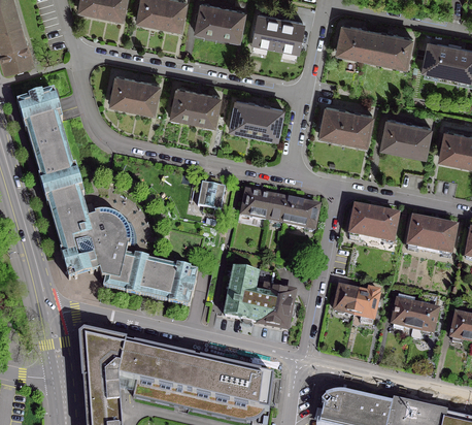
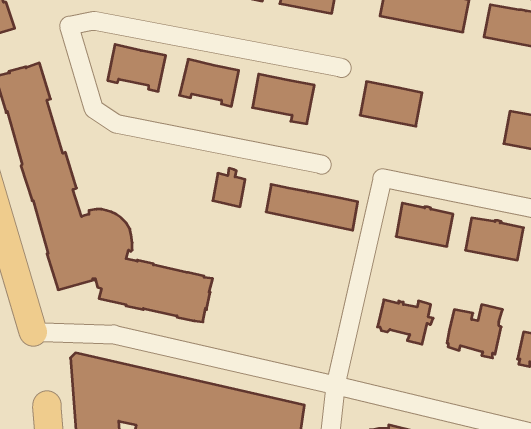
building: [381,119,431,154] -> none
building: [225,267,297,328] -> none

